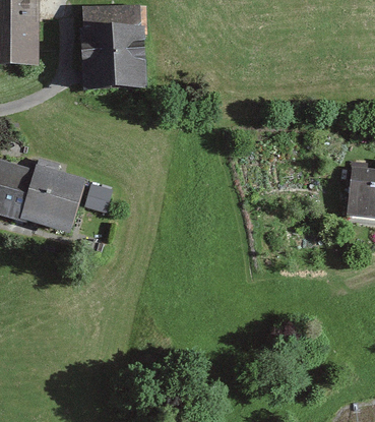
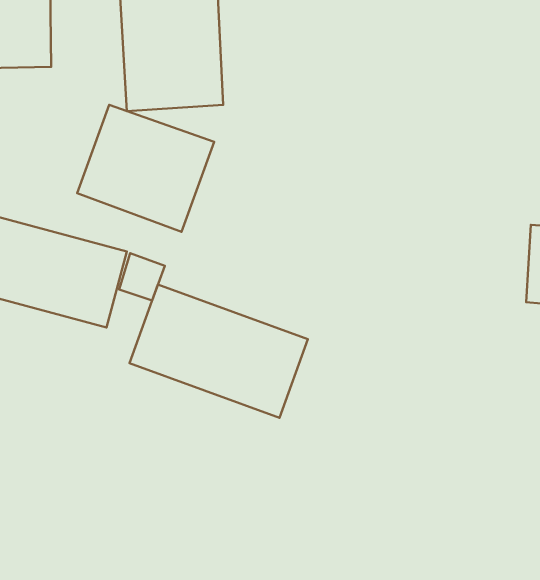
building: none -> [77,105,214,232]
building: none -> [130,285,308,418]

